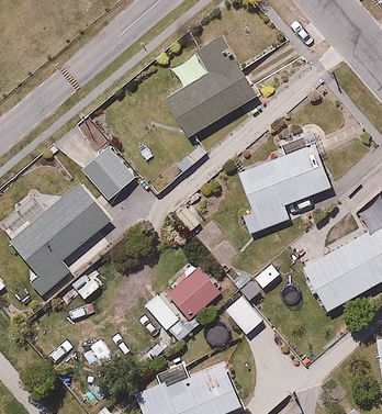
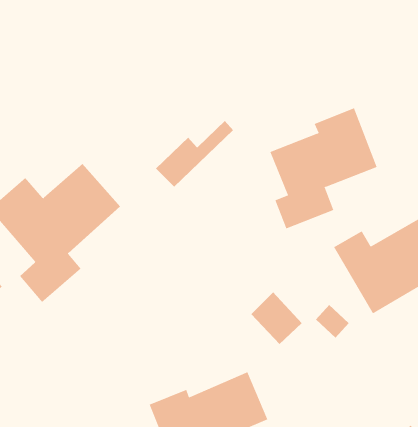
building: [166,52,257,136] -> none
building: [82,152,135,204] -> none
building: [168,260,223,345] -> none

